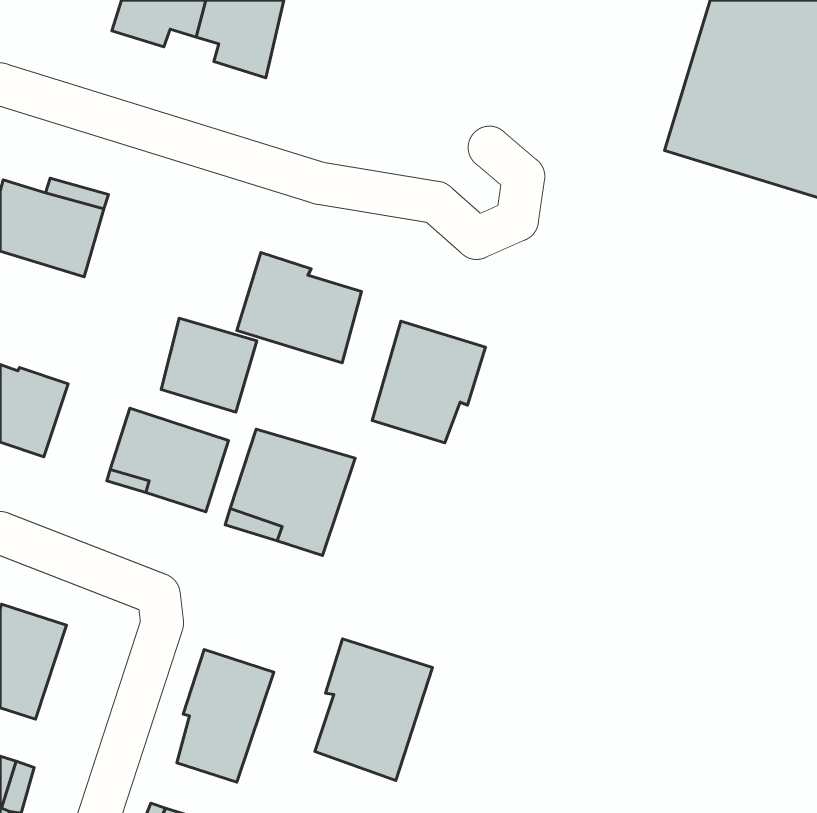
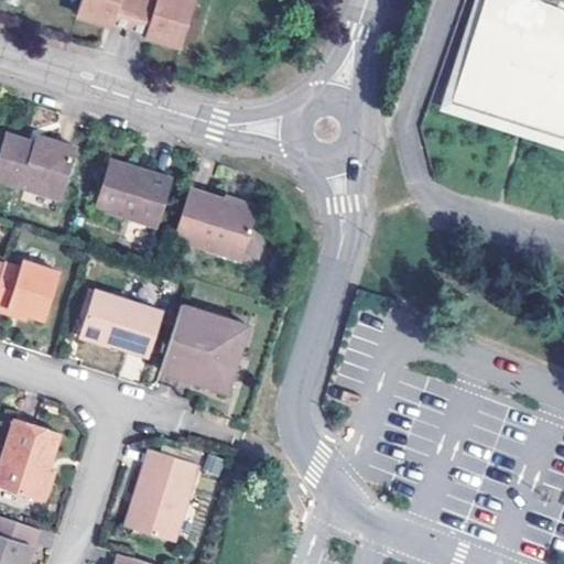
building: [161,318,257,412] -> [100,158,165,221]
building: [372,321,485,443] -> none
building: [315,639,433,781] -> none

